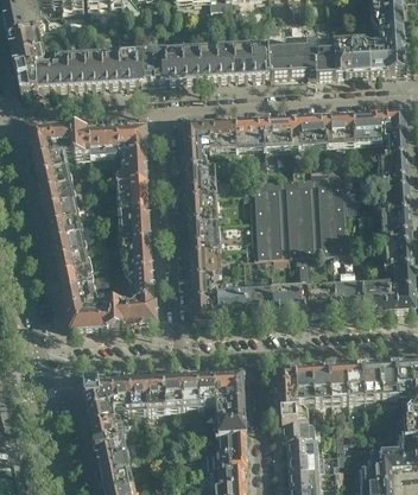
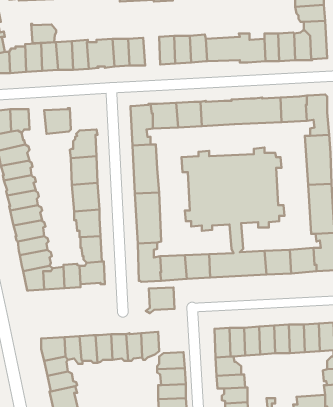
building: none -> [31,24,56,43]
building: [201,43,220,75] -> none
building: [119,121,148,147] -> none
building: [72,122,93,151] -> none
building: [214,370,246,399] -> [146,287,174,313]

